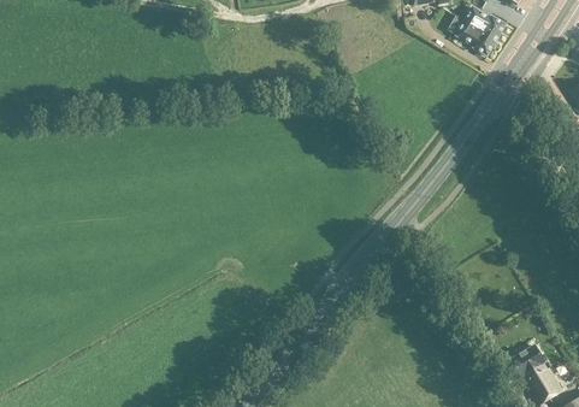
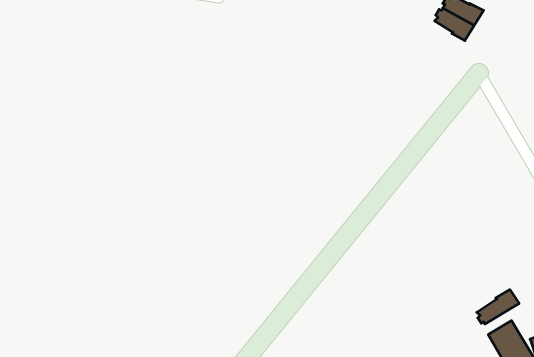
building: none -> [477,290,519,324]

